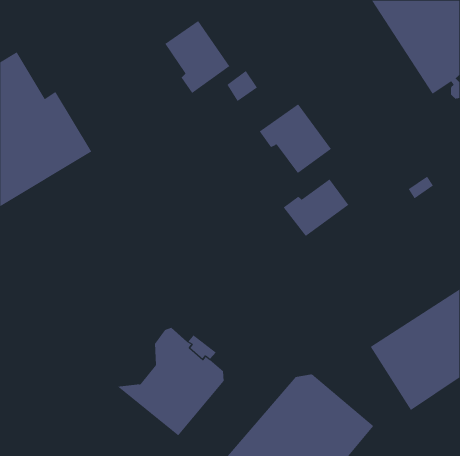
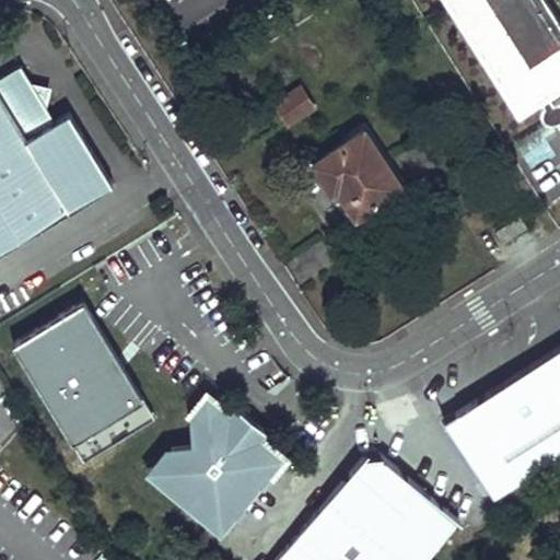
building: [164,20,230,94] -> none
building: [283,179,349,237] -> none
building: none -> [14,306,149,465]

